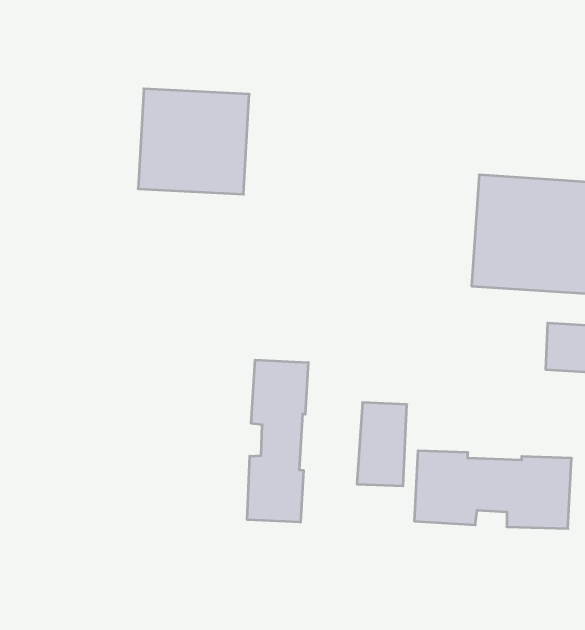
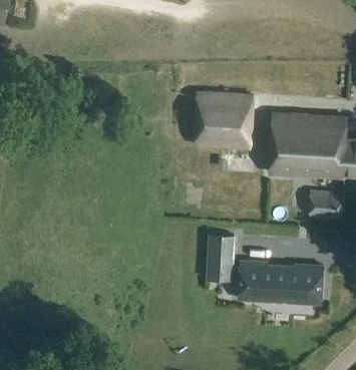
building: [138,89,249,194] -> [194,92,254,149]
building: [247,360,308,522] -> none

